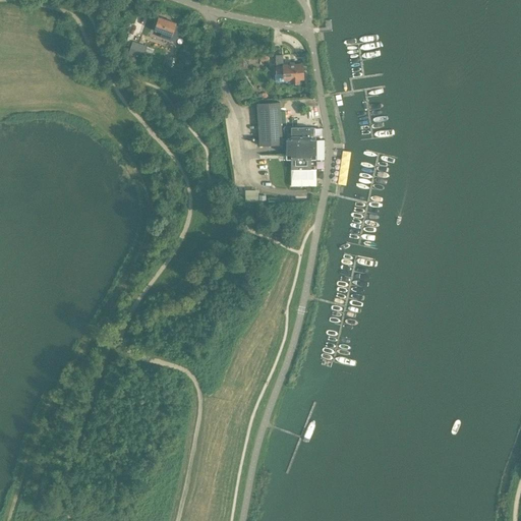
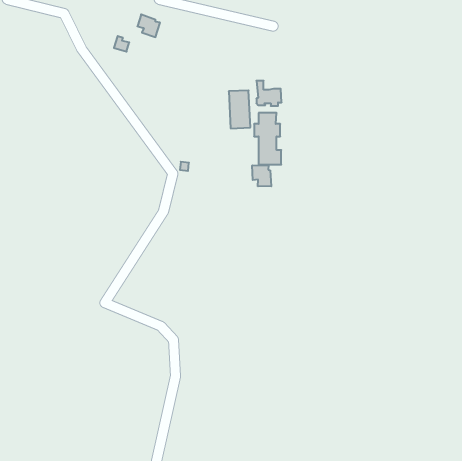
building: [275,54,303,82] -> [256,81,282,106]
building: none -> [252,165,271,186]

